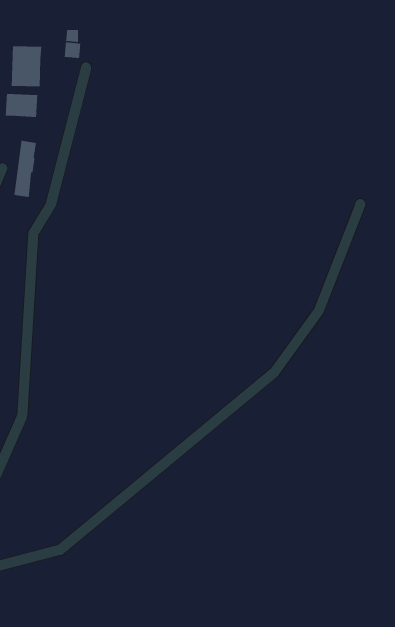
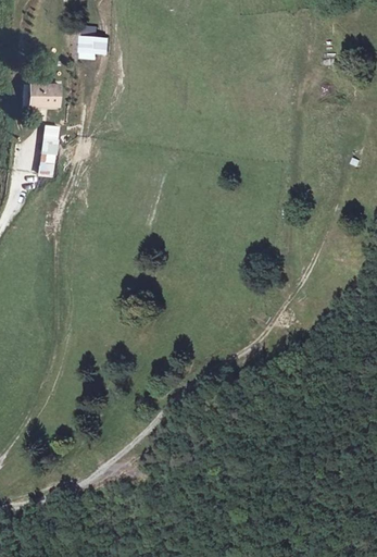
building: [11,45,42,87] -> none

